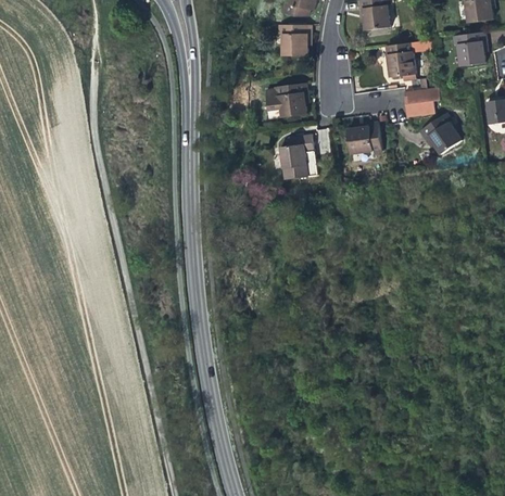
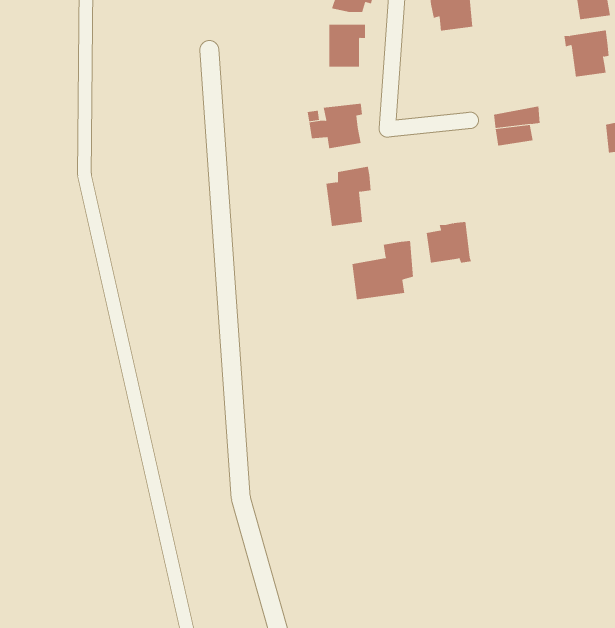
building: [382,43,415,80] -> none
building: [420,112,462,153] -> none
building: [346,120,381,152] -> [426,221,472,263]
building: none -> [352,240,414,300]

